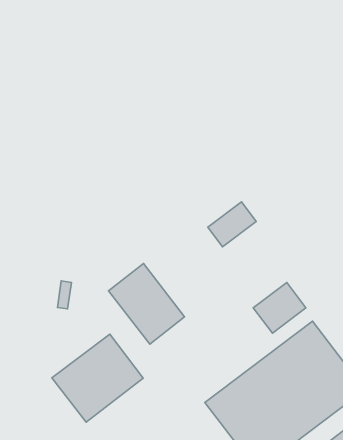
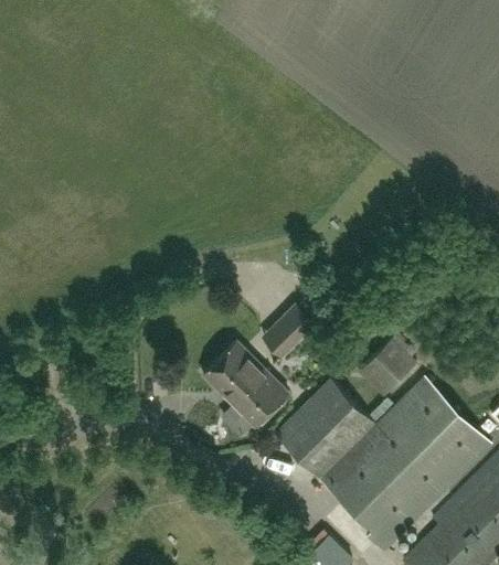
building: [208,202,256,247] -> [262,306,312,356]
building: [52,334,143,422] -> [275,381,372,478]

